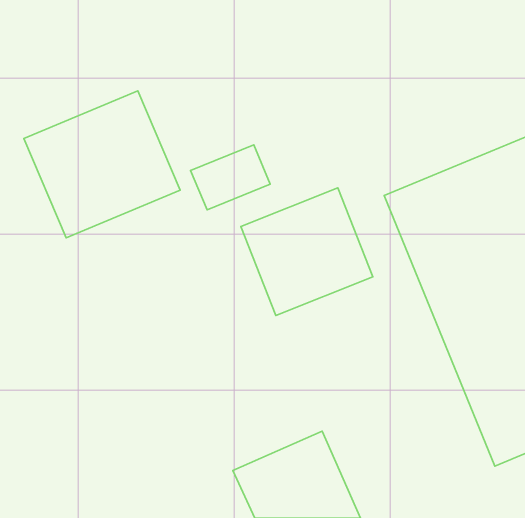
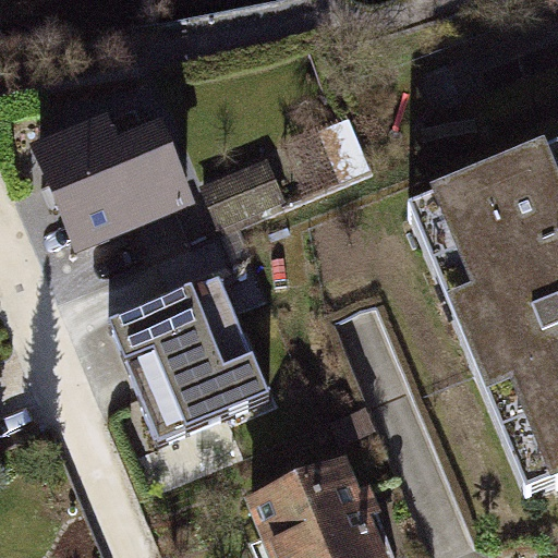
building: [241,188,373,316] -> none
building: none -> [112,279,272,439]

